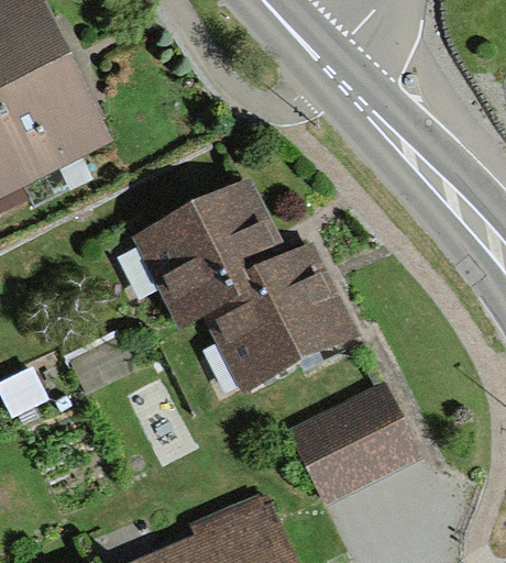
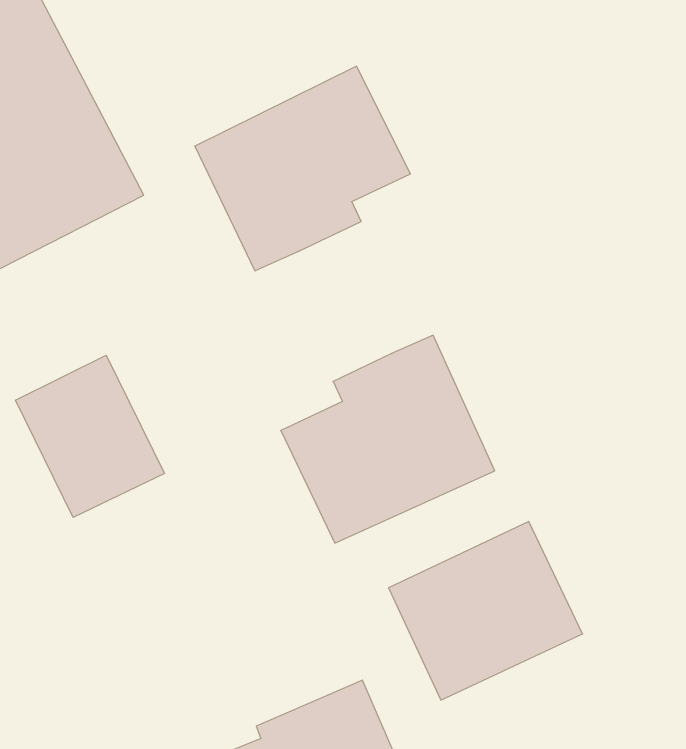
building: [132,180,286,327] -> [195,66,410,271]
building: none -> [16,355,165,517]

